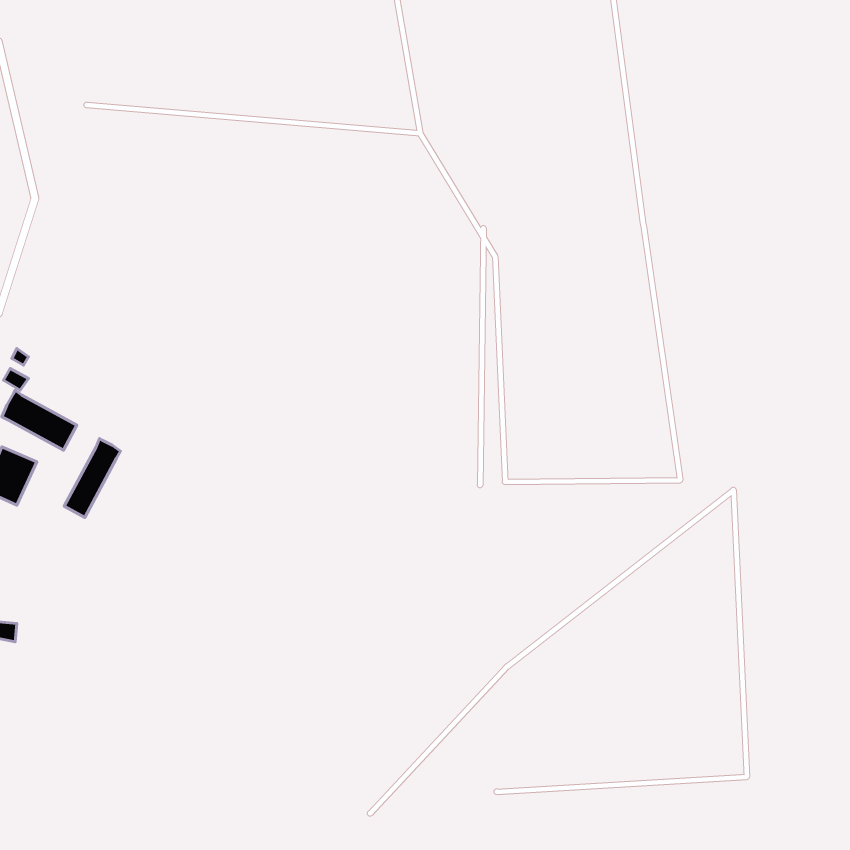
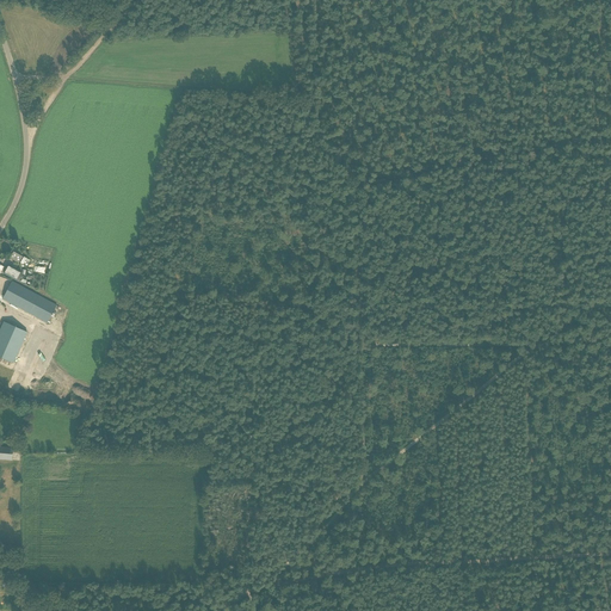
building: [64,439,121,518] -> none

